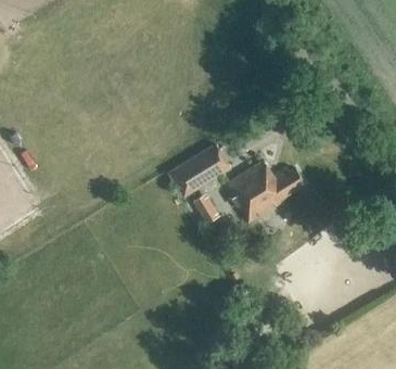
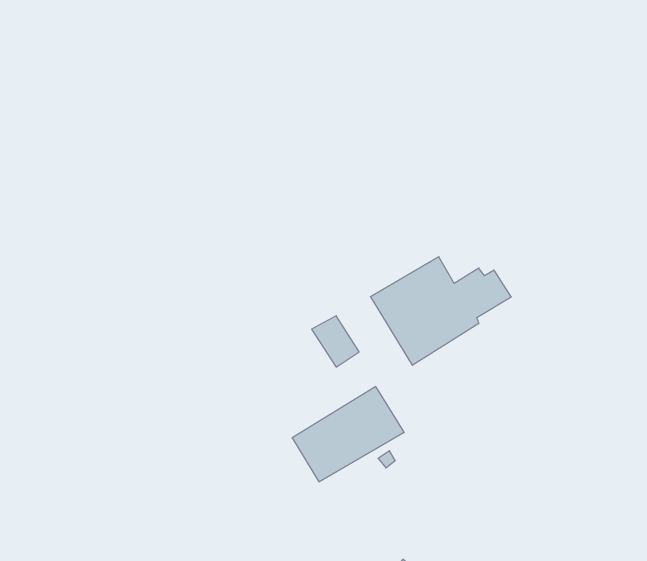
building: [165,144,229,199] -> [292,387,404,482]

